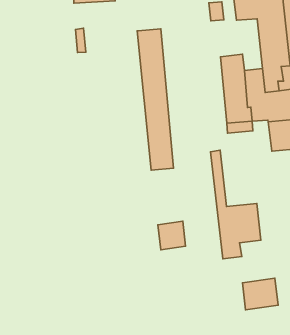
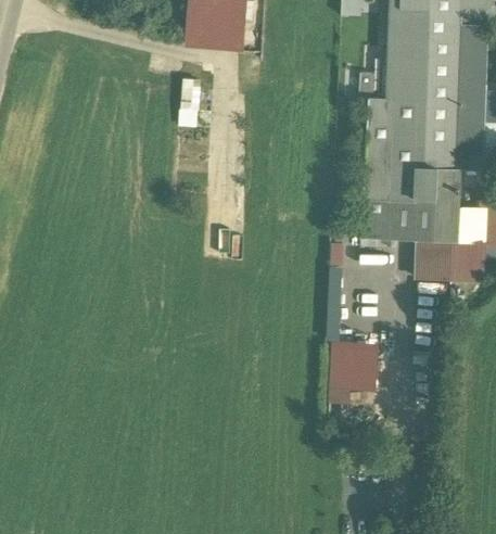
building: none -> [365,98,420,168]
building: [137,29,174,170] -> none
building: [158,221,186,250] -> none
building: [242,278,278,310] -> none

